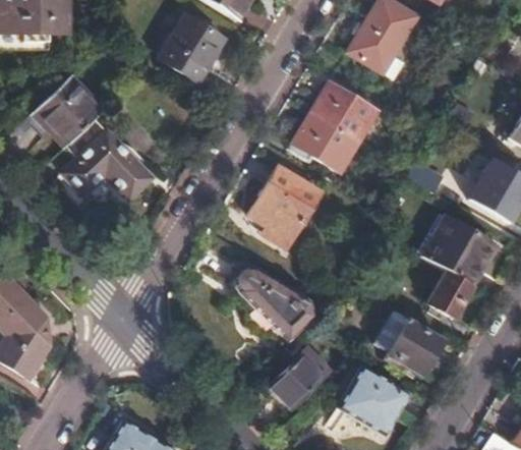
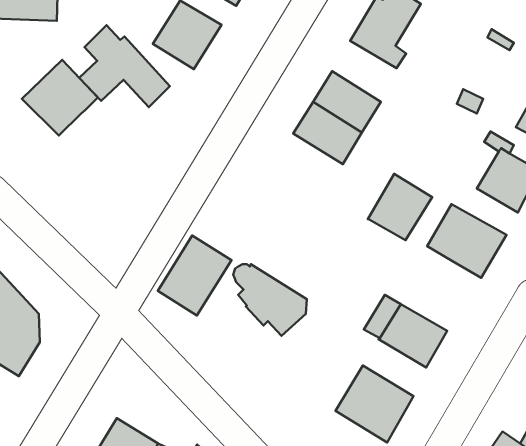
building: [63,125,151,205] -> [79,25,170,107]
building: [248,168,319,241] -> none
building: none -> [368,174,432,240]
building: none -> [158,236,231,315]
building: [429,268,475,316] -> none
building: [270,346,332,407] -> none

